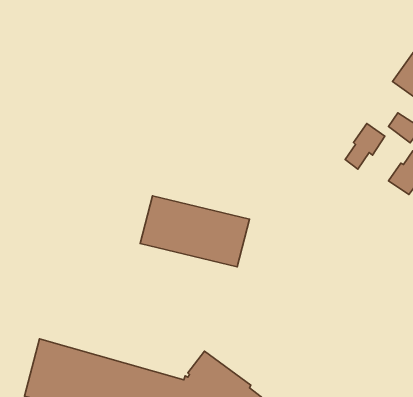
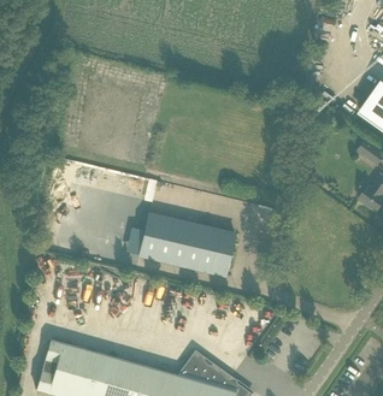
building: [345,123,385,169] -> none

